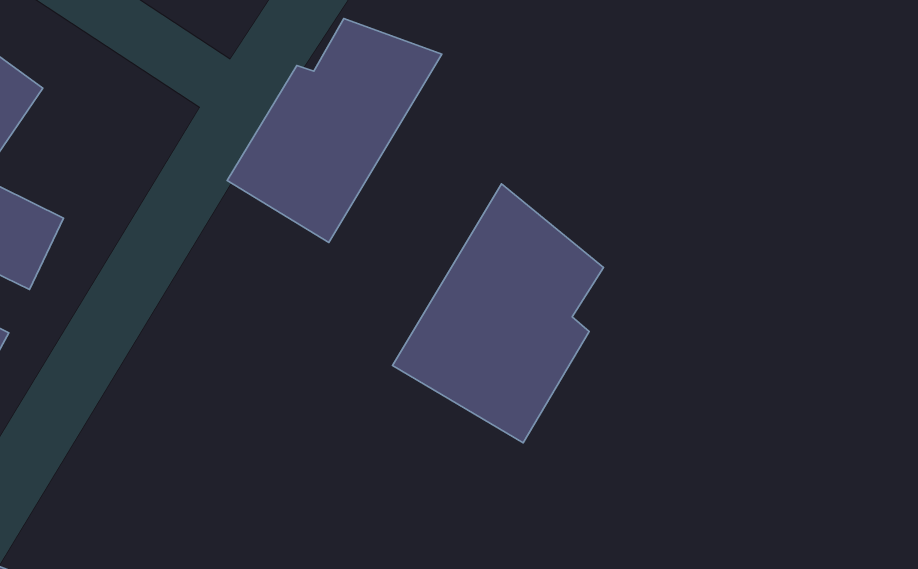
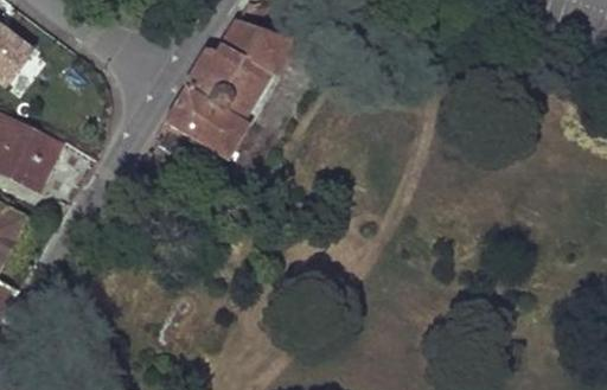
building: [393,184,604,443] -> none

